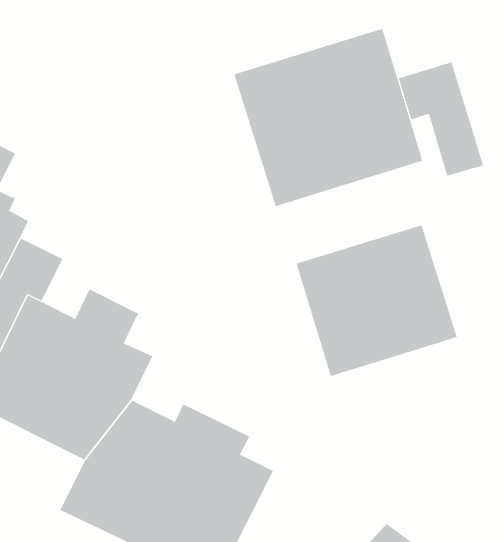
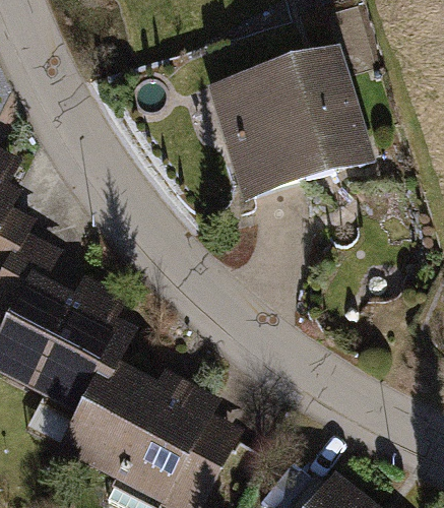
building: [398,62,484,177] -> none
building: [296,225,458,377] -> none

